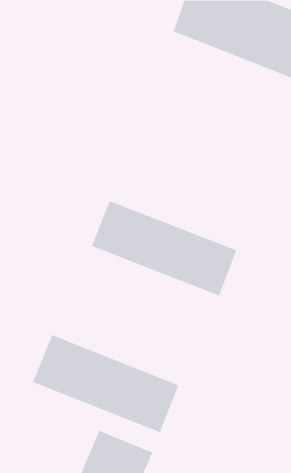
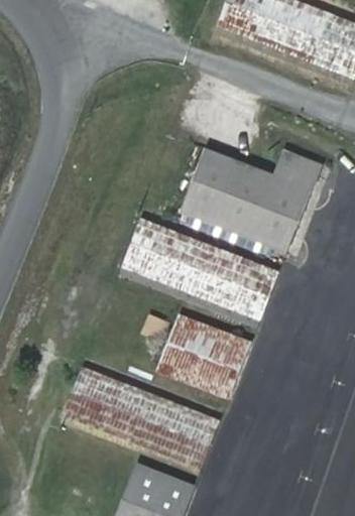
building: none -> [179,151,319,255]
building: none -> [139,313,249,401]

